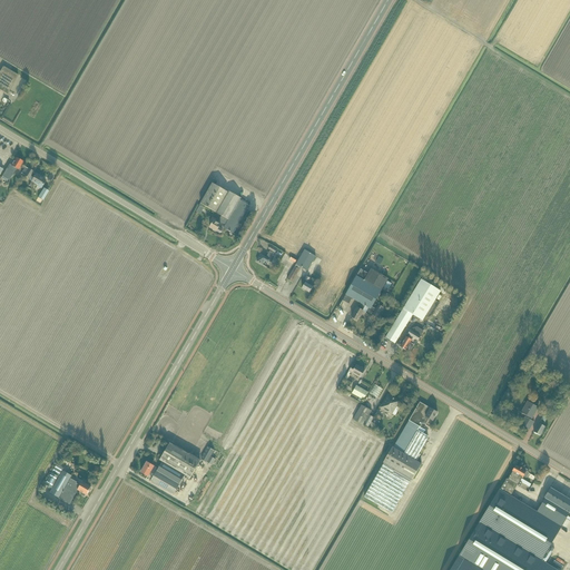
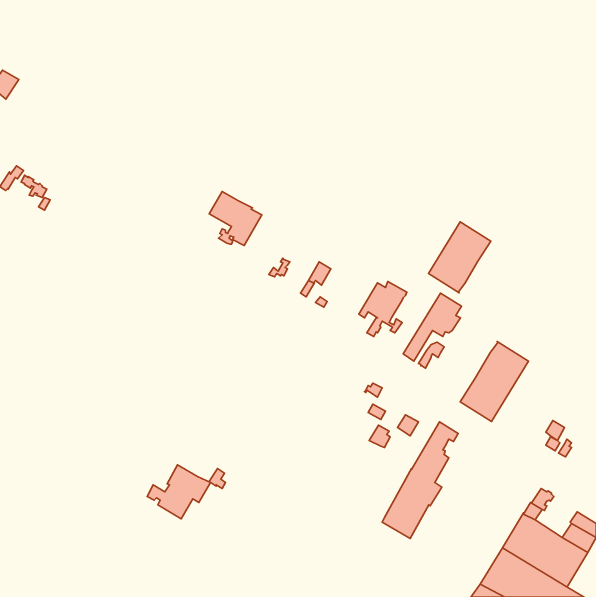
building: none -> [428,222,491,293]
building: none -> [460,341,529,422]
building: [45,464,90,504] -> none

